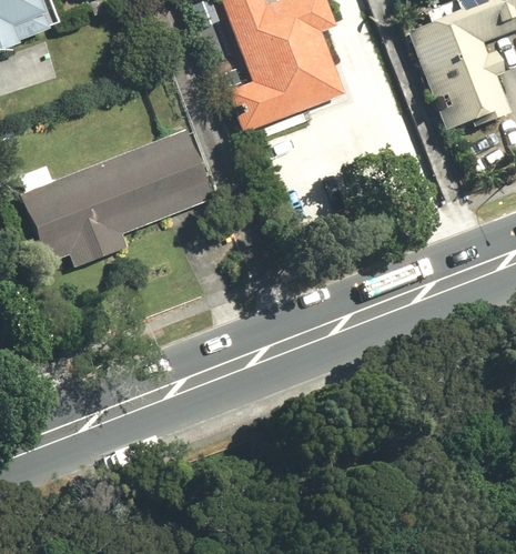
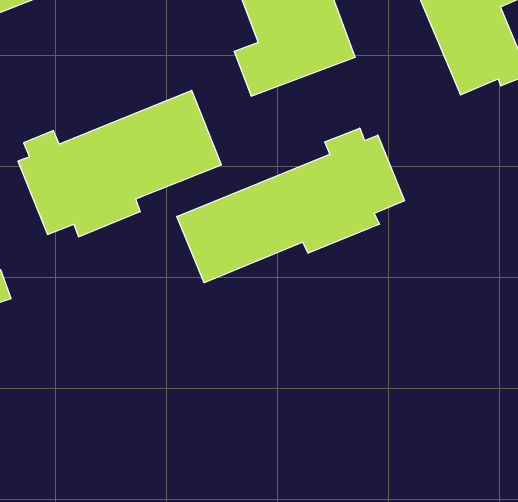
building: none -> [177,128,404,283]

